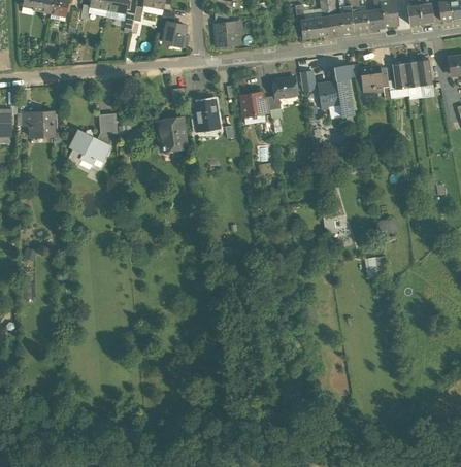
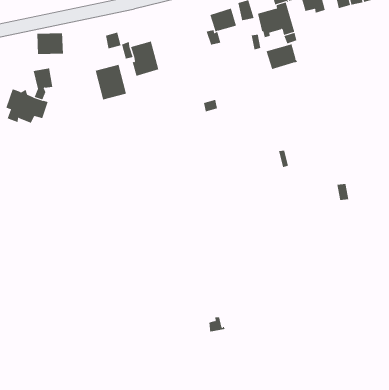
building: none -> [37,32,63,55]
building: [240,92,264,115] -> none
building: none -> [266,43,298,70]

